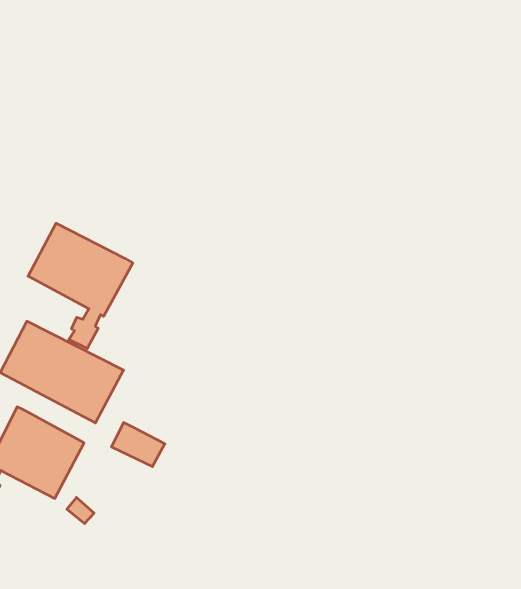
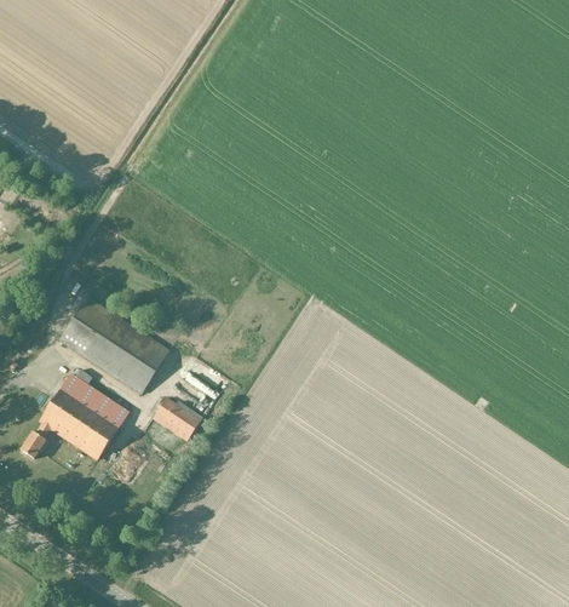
building: [28,223,133,349] -> none

